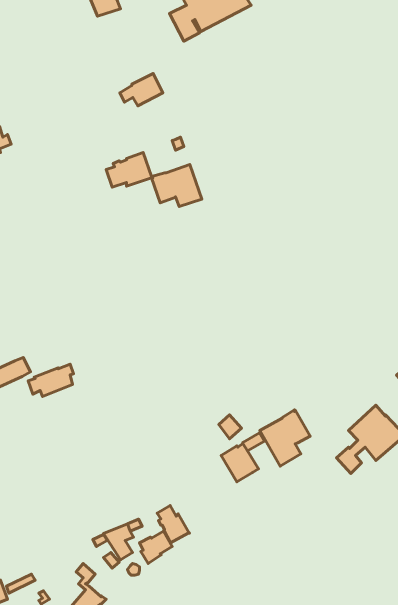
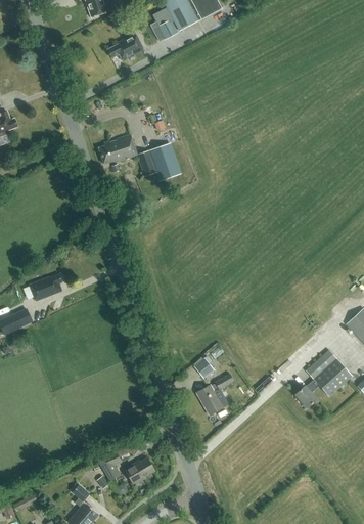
building: [120,74,163,106] -> [107,33,144,60]
building: [28,364,74,396] -> [24,273,62,301]
building: [260,410,310,466] -> none
building: [157,506,190,543] -> none

